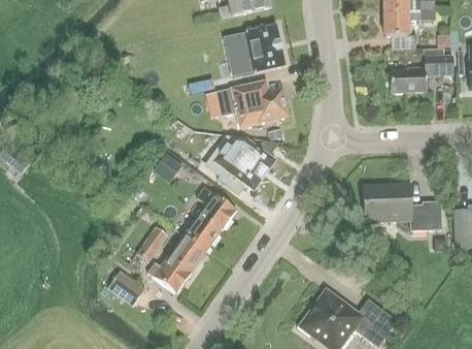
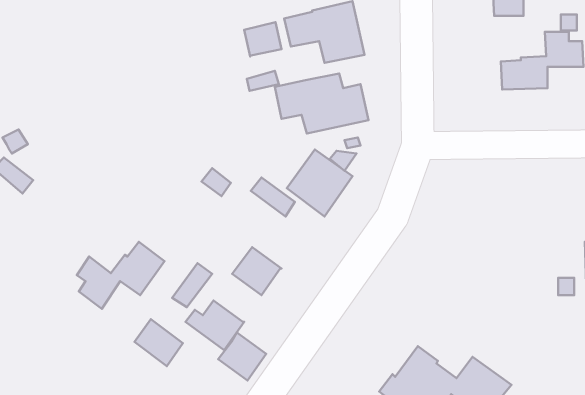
building: none -> [244,22,282,57]
building: [363,184,442,230] -> none
building: [198,189,236,231] -> none
building: none -> [77,242,164,309]
building: [168,234,205,272] -> [218,332,266,381]

